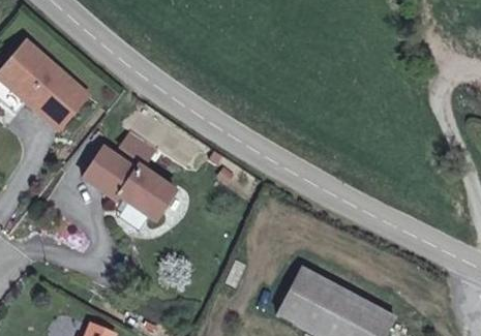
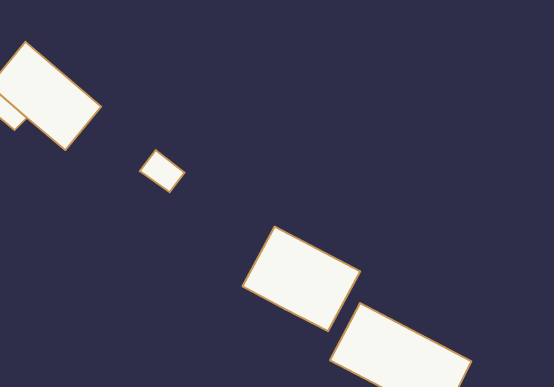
building: [83,148,176,221] -> none
building: none -> [243,227,360,331]

